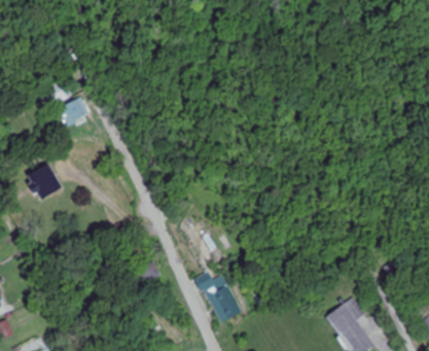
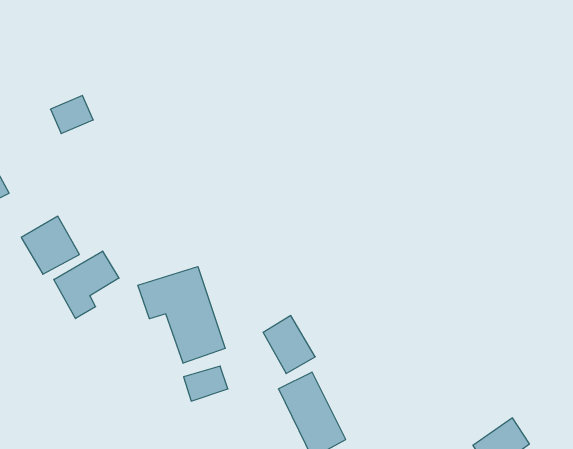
building: [61,99,88,126] -> none
building: none -> [54,251,119,319]
building: none -> [138,267,225,363]

